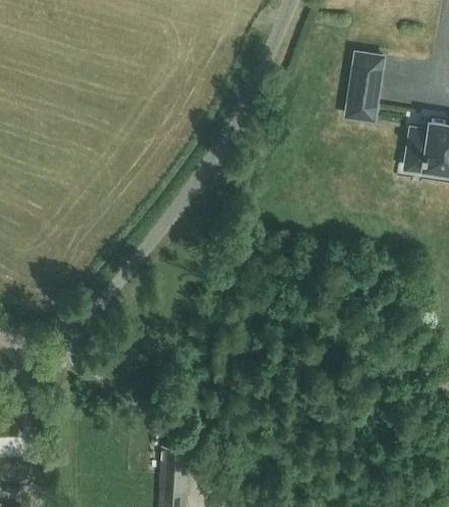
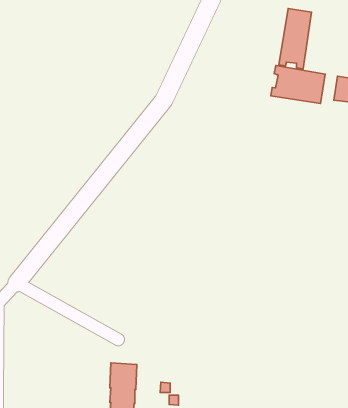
building: none -> [271,65,325,104]

